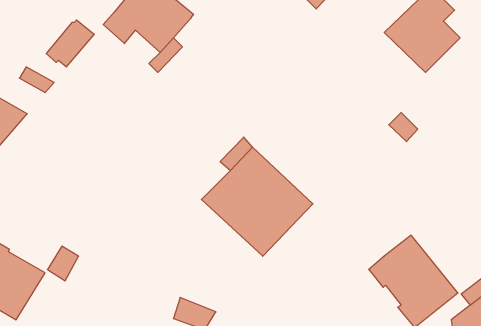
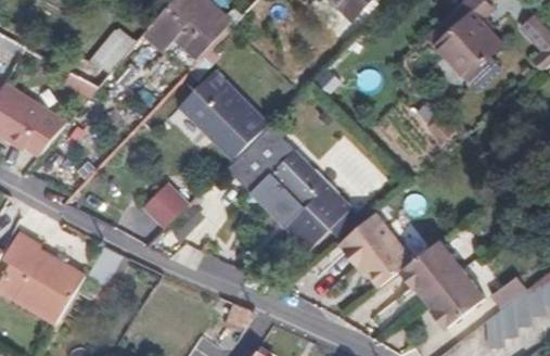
building: none -> [181,68,270,157]
building: none -> [148,181,191,226]
building: none -> [335,208,415,287]

